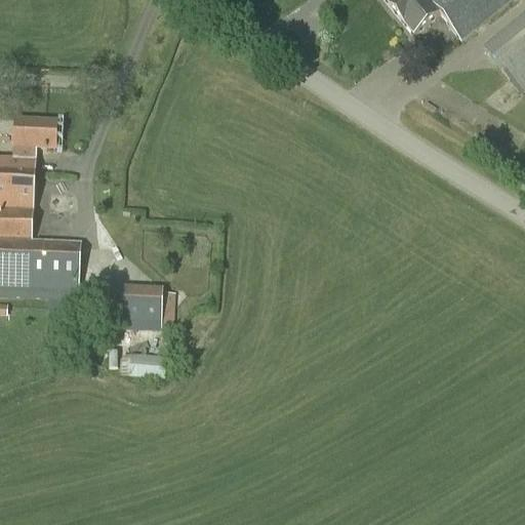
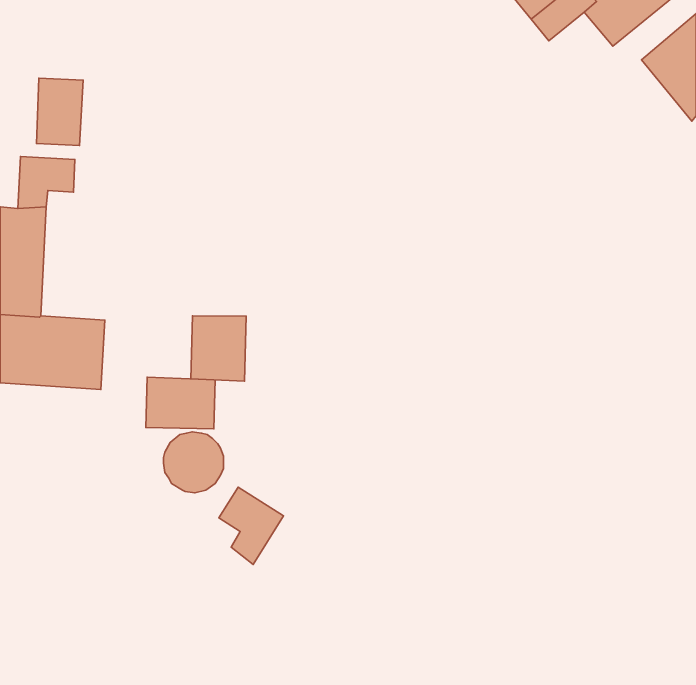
building: none -> [36,78,83,146]
building: none -> [191,316,246,381]
building: none -> [219,487,284,565]

